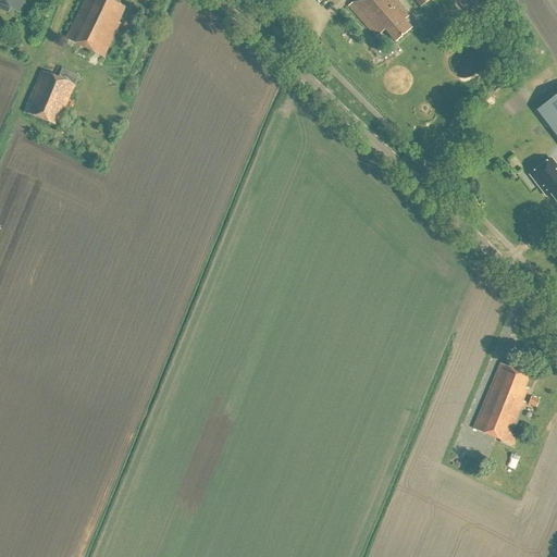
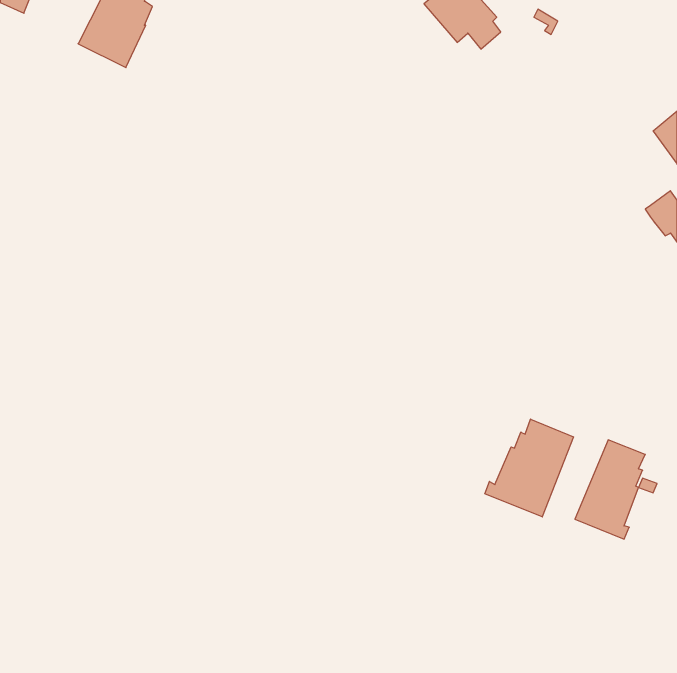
building: [24,65,78,124] -> none
building: none -> [485,419,574,517]

